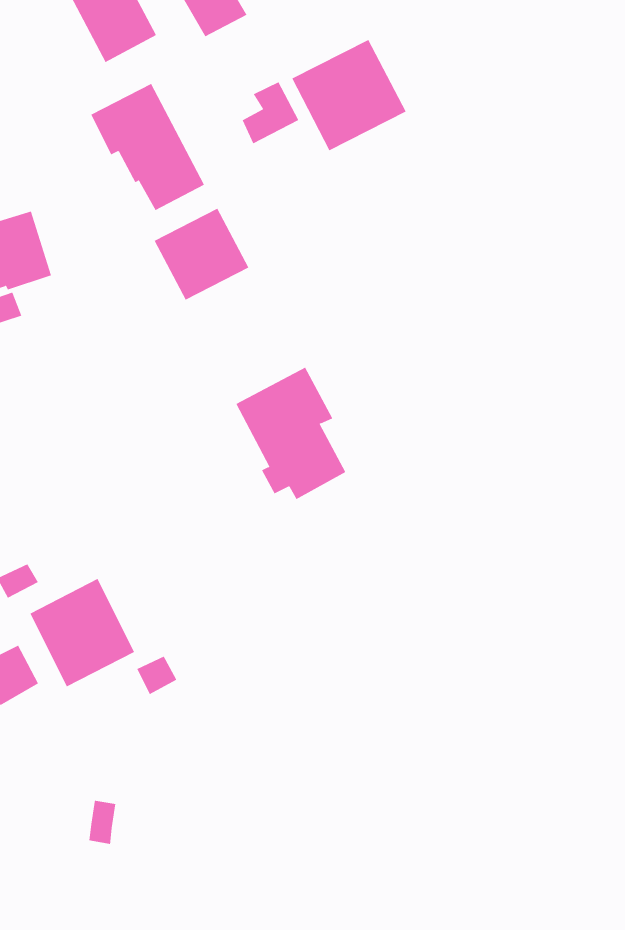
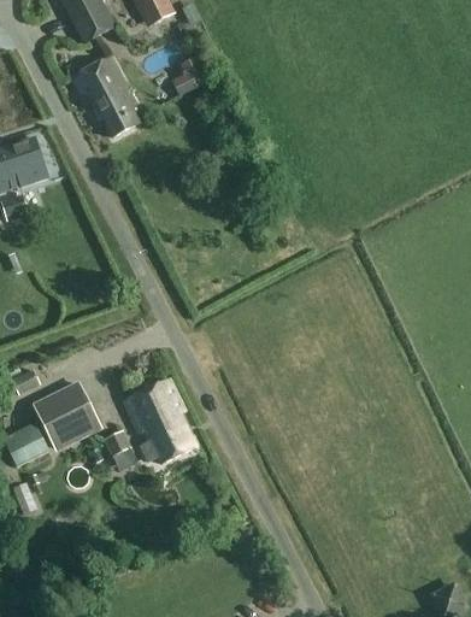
building: [291,39,406,151] -> none
building: [154,208,249,301] -> none
building: [235,367,346,500] -> [123,377,195,464]

